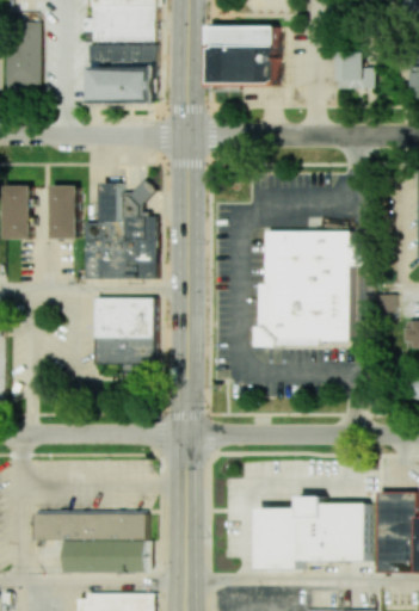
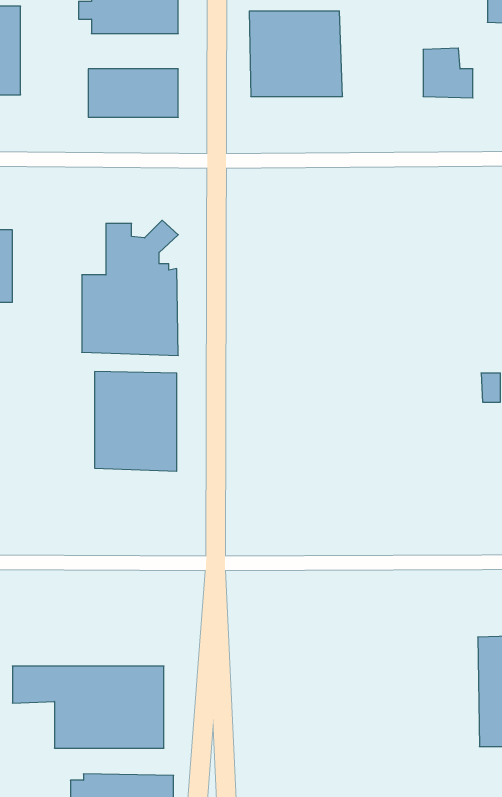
building: [87,42,155,68] -> none
building: [51,186,79,241] -> none
building: [260,232,350,350] -> none
building: [260,499,368,573] -> none

